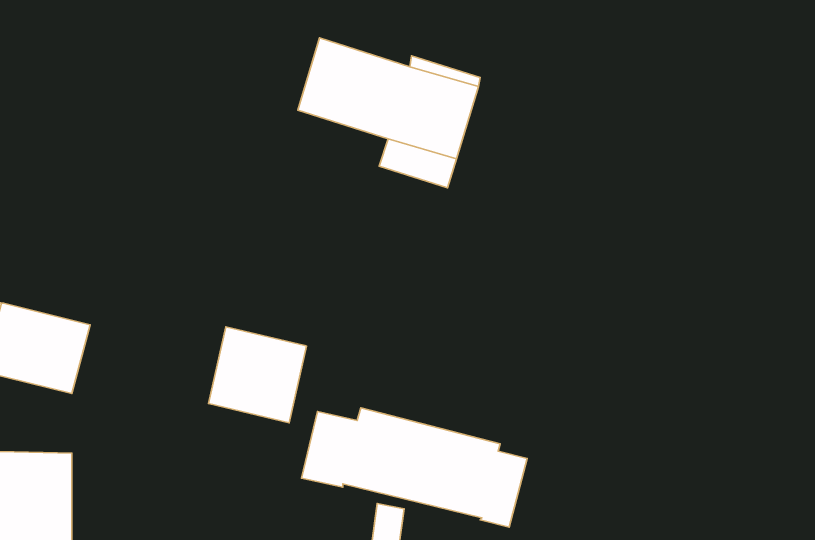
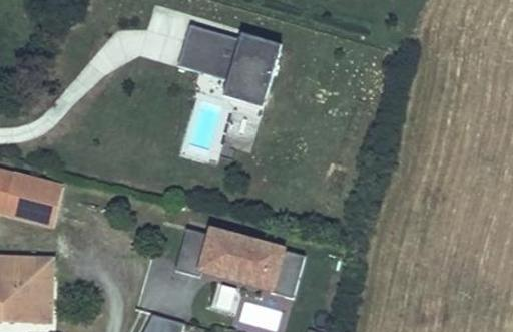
building: [209,327,306,423] -> none

